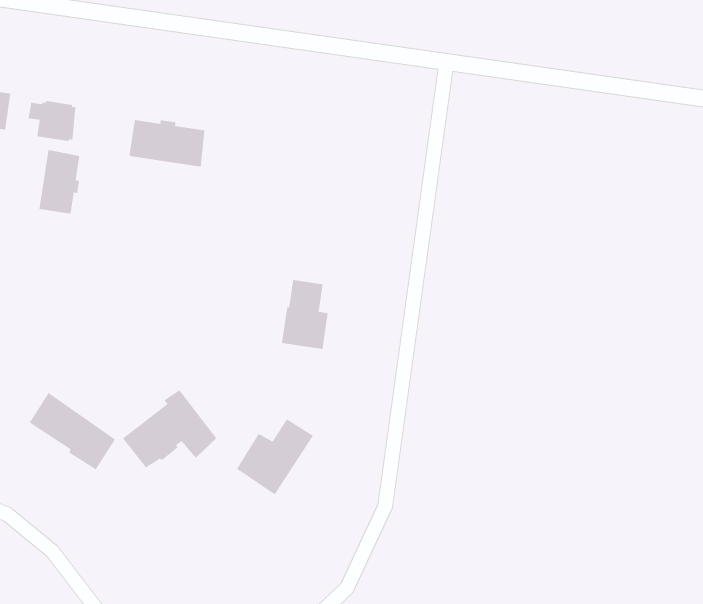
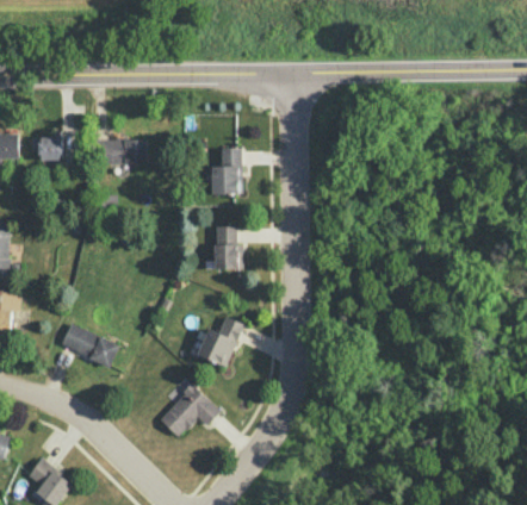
building: [39,149,80,214] -> none
building: none -> [211,149,242,194]
building: [122,389,217,468] -> [159,382,219,436]

